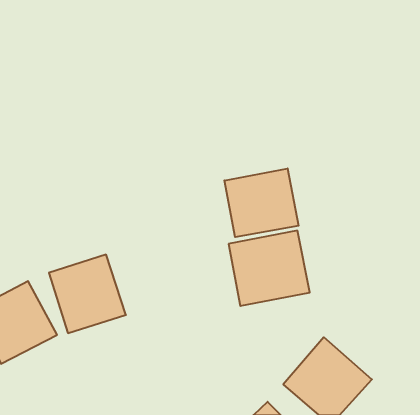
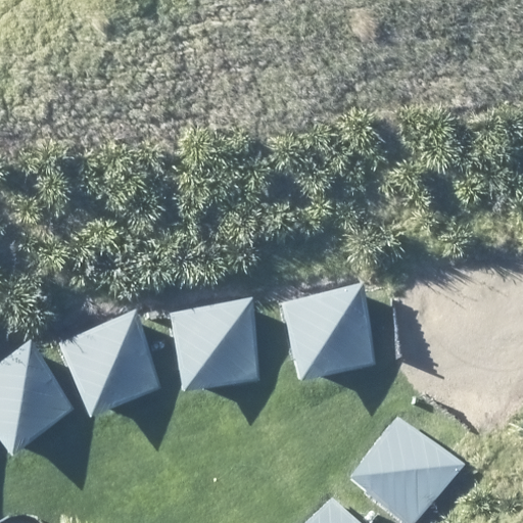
building: [224,168,299,237] -> none
building: none -> [172,302,266,387]

